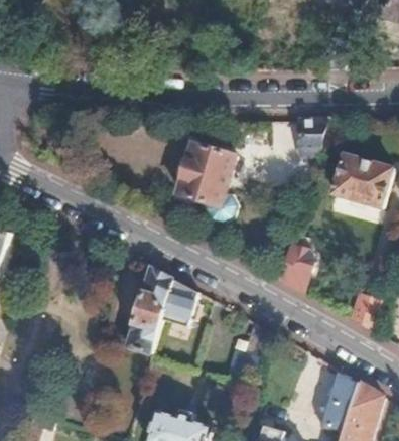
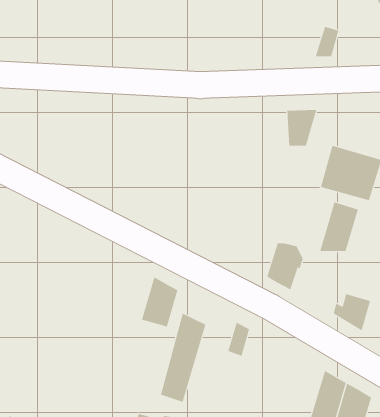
building: [181,142,239,222] -> none
building: none -> [319,202,358,252]
building: [128,267,172,352] -> [160,313,206,402]

